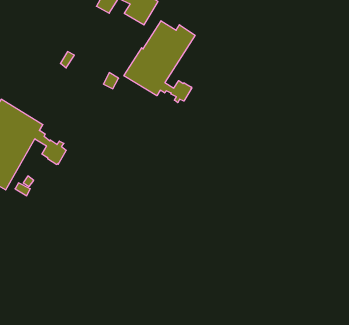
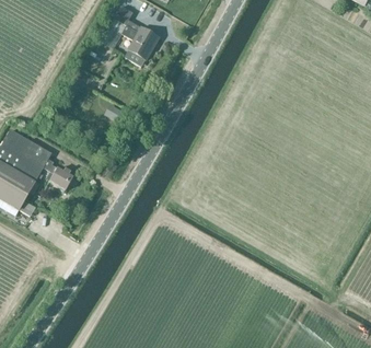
building: [124,21,195,103] -> none

